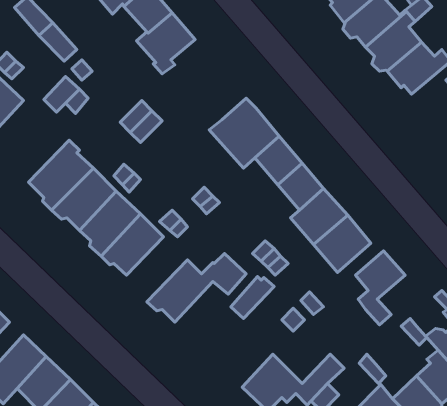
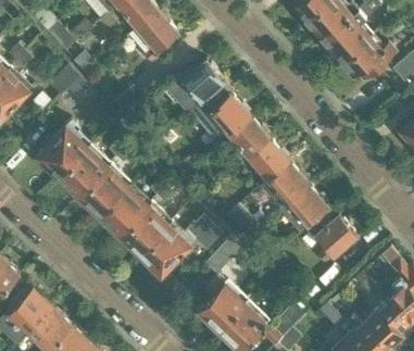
building: none -> [174,61,226,103]
building: none -> [121,203,173,259]
building: none -> [198,277,246,331]

